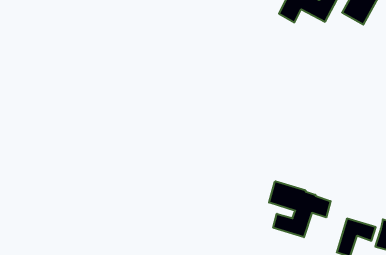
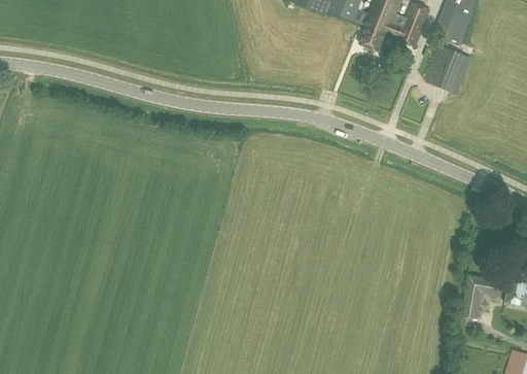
building: none -> [426,45,469,92]
building: [269,181,331,237] -> none

